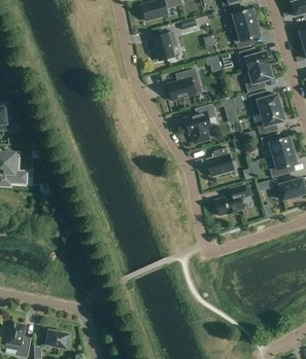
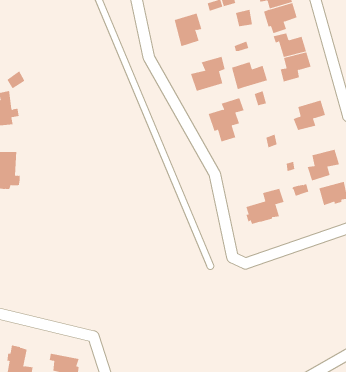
building: [249,91,281,115] -> [231,62,268,90]
building: [262,133,294,156] -> none
building: [206,148,232,176] -> none

